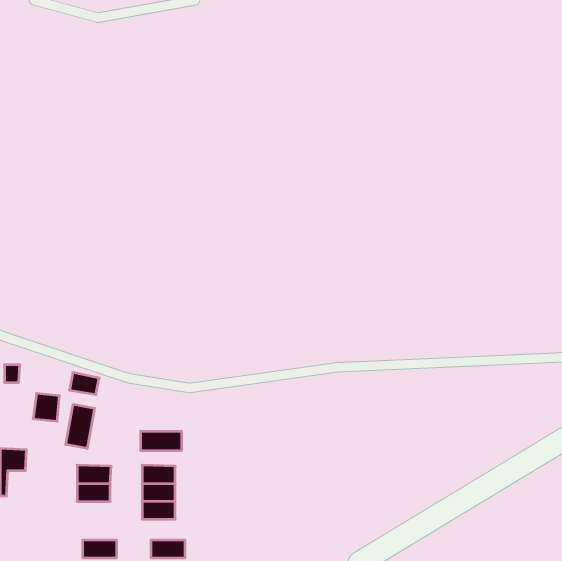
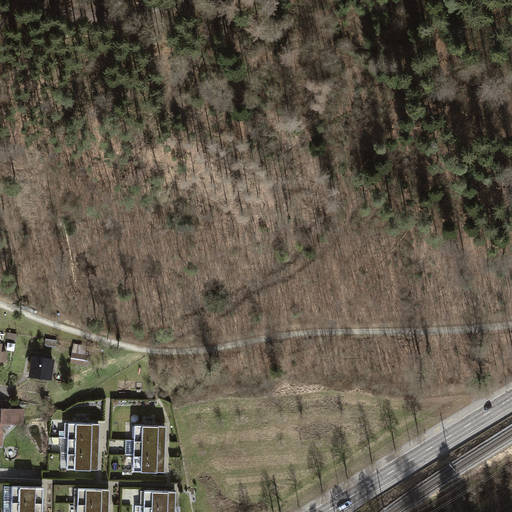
building: [66,404,95,449] -> none
building: [141,431,181,451] -> none
building: none -> [71,457,101,473]
building: none -> [13,491,44,507]

